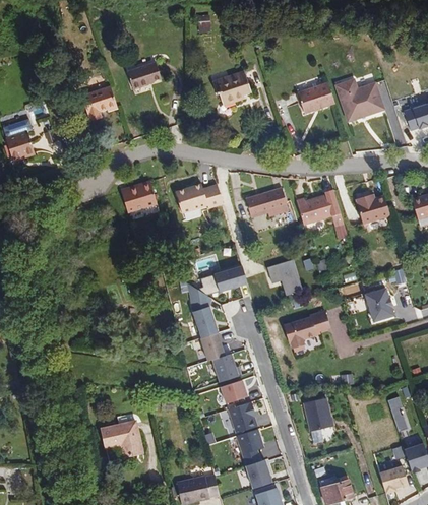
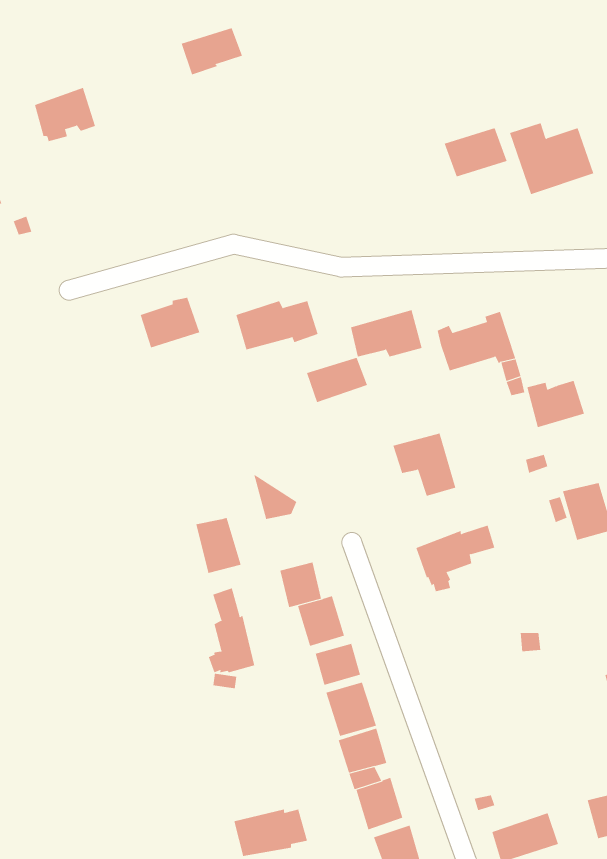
building: [131,65,167,92] -> [181,27,243,75]
building: [209,72,247,102] -> none
building: [86,89,122,121] -> [34,87,96,142]
building: [353,196,386,224] -> [527,380,585,428]
building: [213,265,249,292] -> [306,357,368,403]
building: [194,305,221,337] -> [195,517,241,574]
building: none -> [208,588,255,673]
building: [304,397,334,432] -> none
building: [103,424,144,460] -> none

